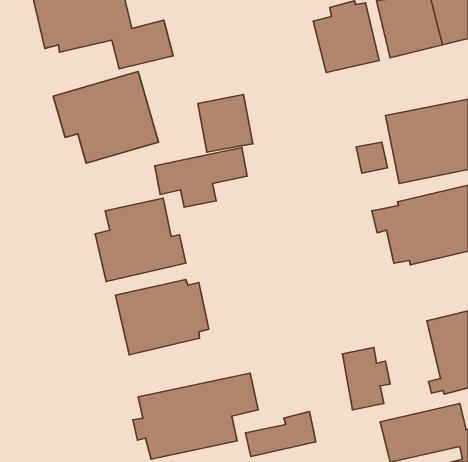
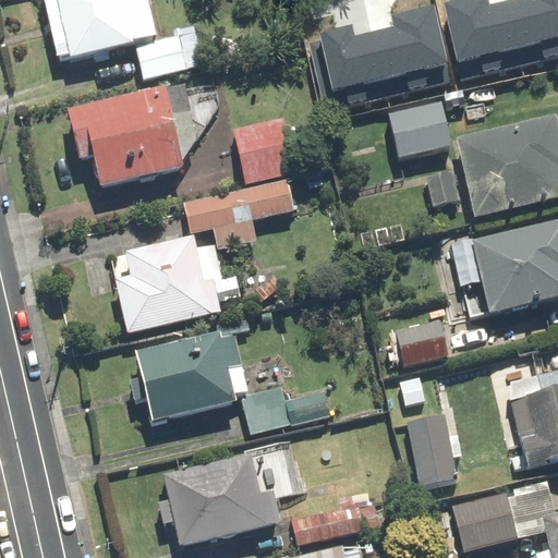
building: none -> [308,20,388,101]
building: none -> [389,101,451,157]
building: none -> [396,320,448,364]
building: none -> [240,384,332,433]

